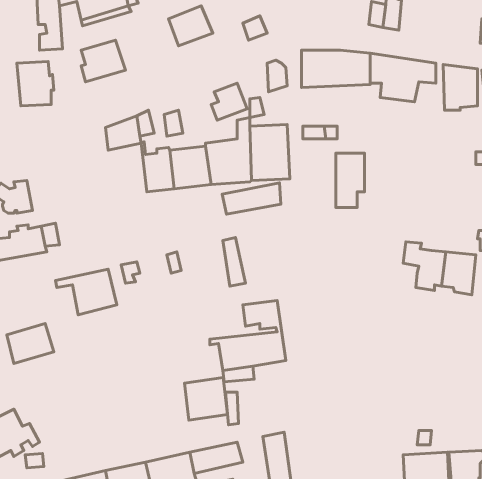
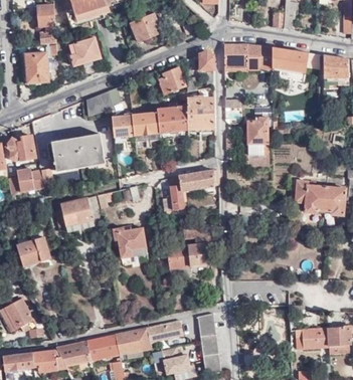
building: none -> [52,133,105,166]
building: [222,183,281,214] -> [178,168,219,190]
building: [185,377,228,420] -> [119,227,149,257]

